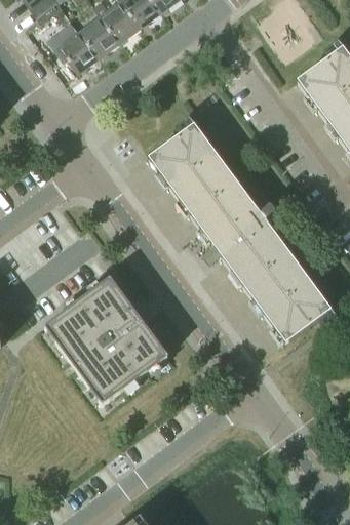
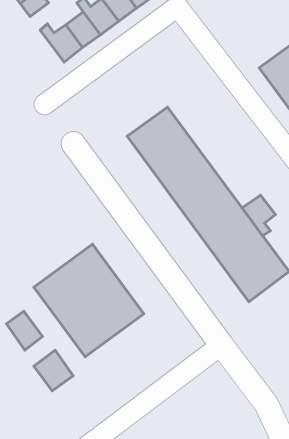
building: none -> [242,195,275,236]
building: none -> [6,311,42,350]
building: none -> [34,350,73,391]

